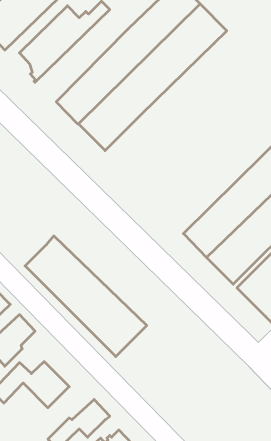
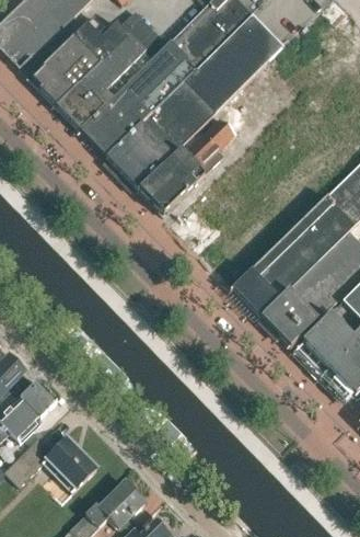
building: none -> [57,20,167,130]
building: none -> [139,118,235,215]
building: [25,236,147,357] -> none

